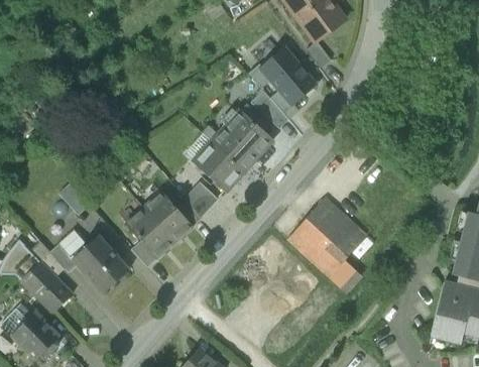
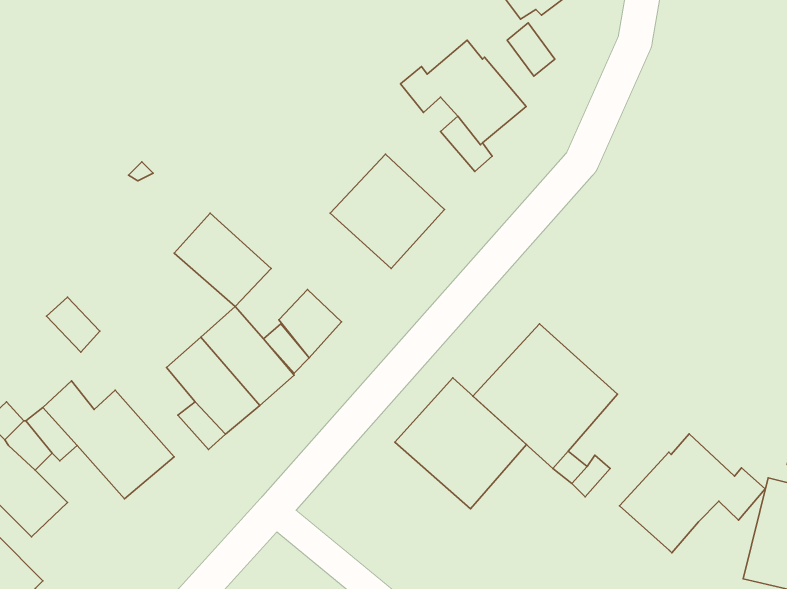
building: [251,90,288,128] -> none
building: [193,141,244,191] -> [174,213,271,307]
building: none -> [395,378,527,509]
building: none -> [620,434,765,553]

